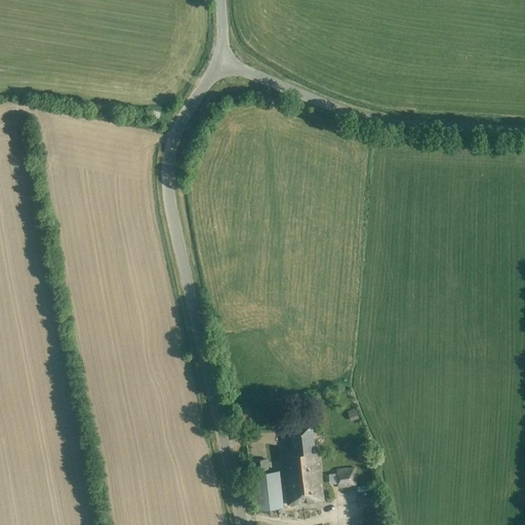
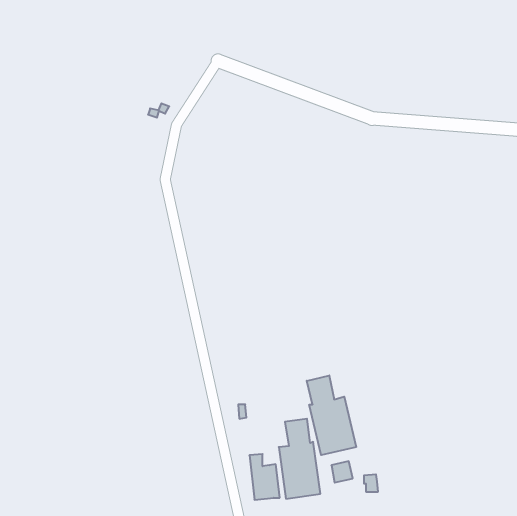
building: none -> [307,375,356,455]

